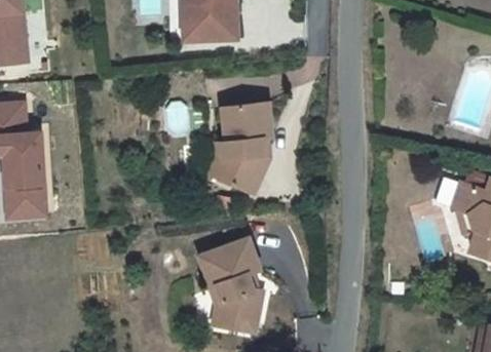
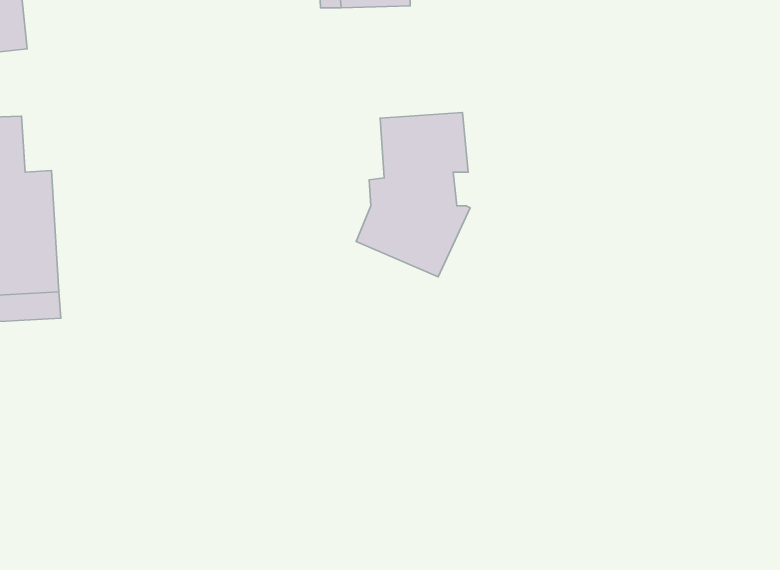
building: [200,239,264,333] -> none

